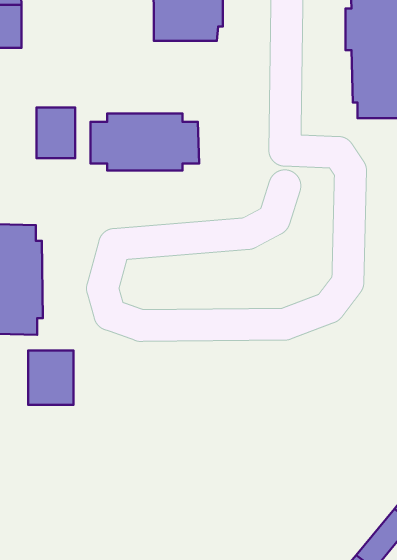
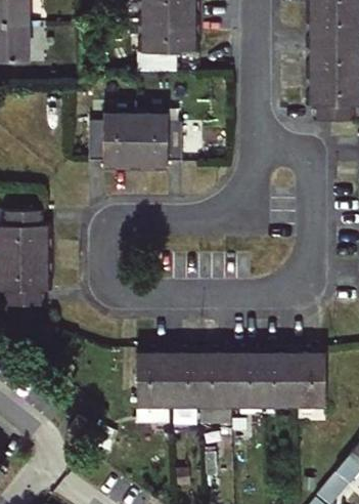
building: [36,108,75,158] -> none
building: [28,350,74,405] -> none
building: none -> [138,352,326,405]

